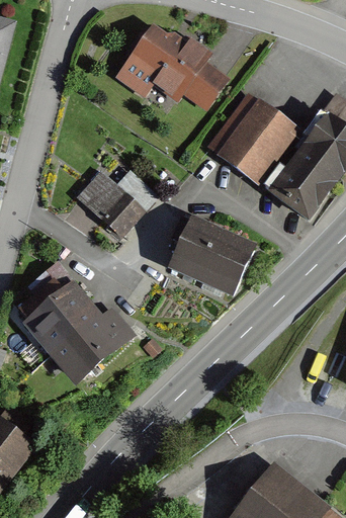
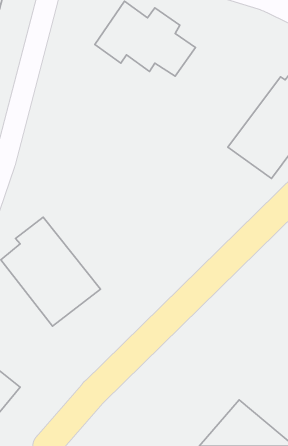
building: [212,96,294,180] -> none
building: [80,172,161,238] -> none
building: [163,221,250,295] -> none

